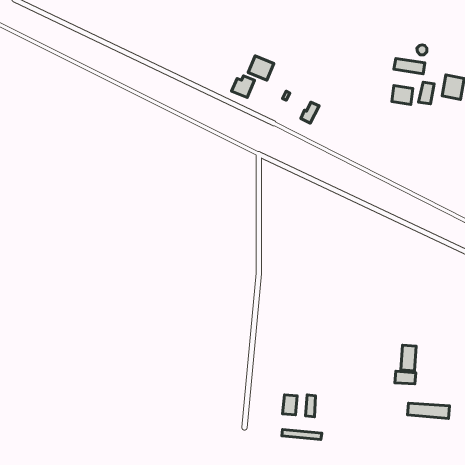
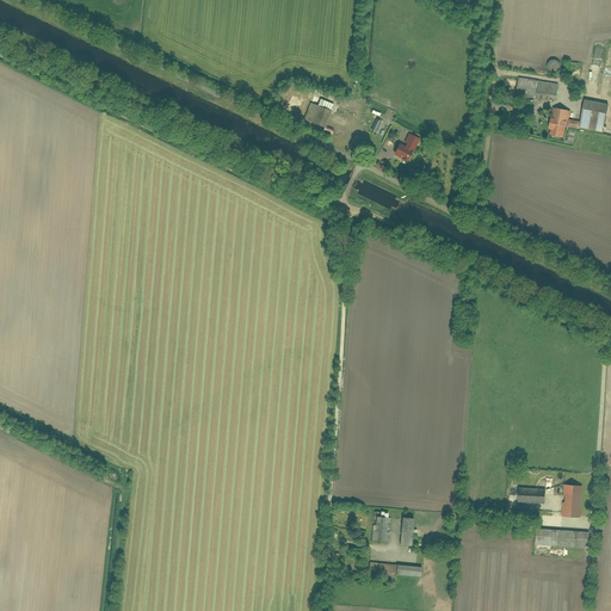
building: [248,56,274,80] -> none
building: [392,85,413,104] -> none
building: [401,345,416,371] -> [561,483,581,517]

